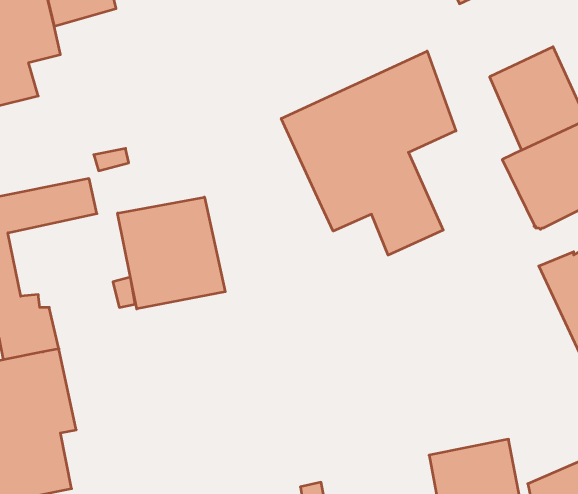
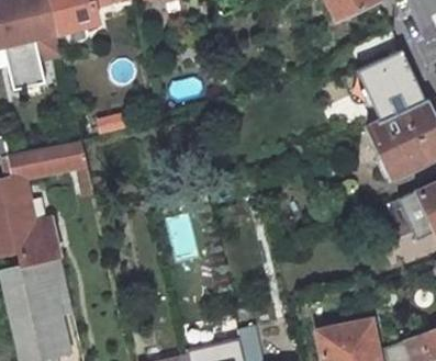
building: [281,51,456,255] -> none
building: [118,197,225,309] -> none

